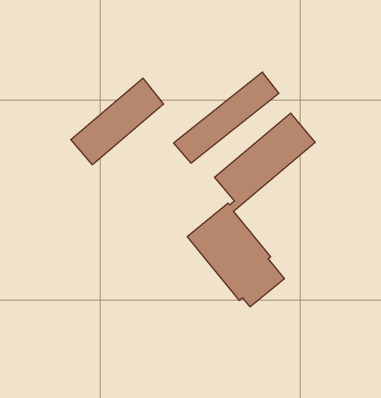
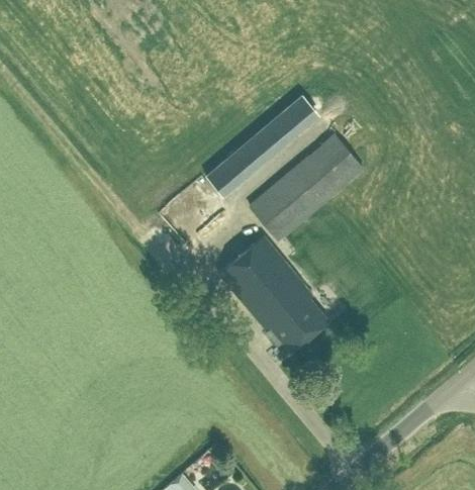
building: [71,78,164,165] -> none

